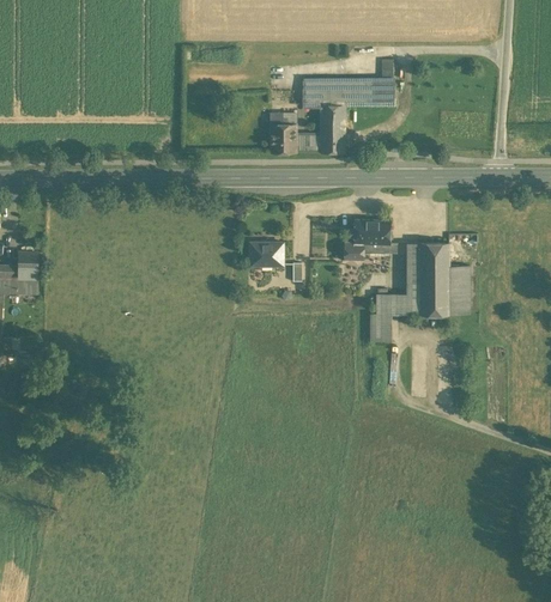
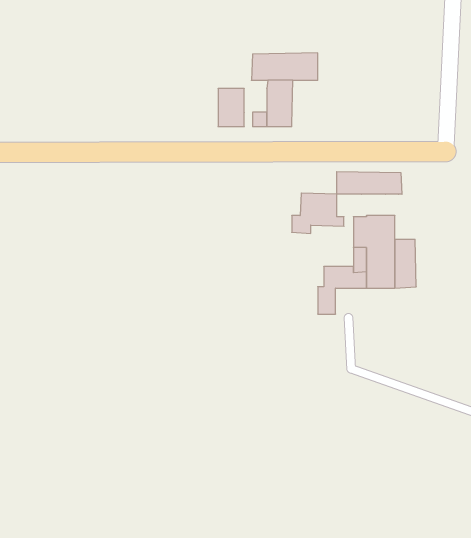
building: [370,62,392,105] -> none
building: none -> [337,172,402,194]
building: [249,242,283,264] -> none

